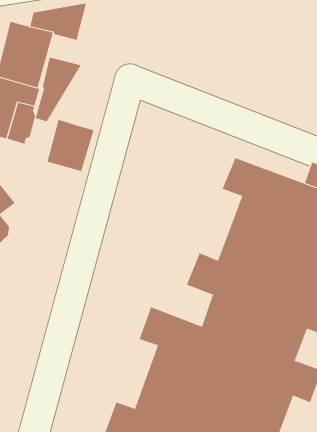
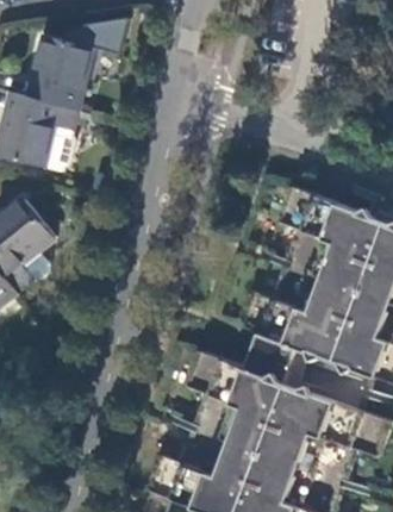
building: [35,57,82,122] -> none
building: [47,119,94,172] -> none

